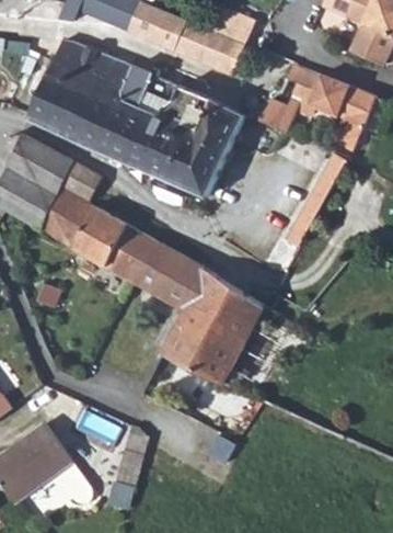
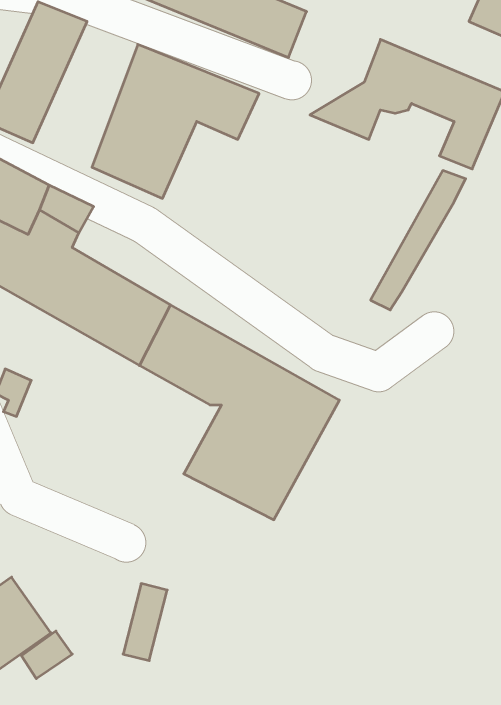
building: [60,52,130,149] -> none
building: [147,100,245,195] -> none

